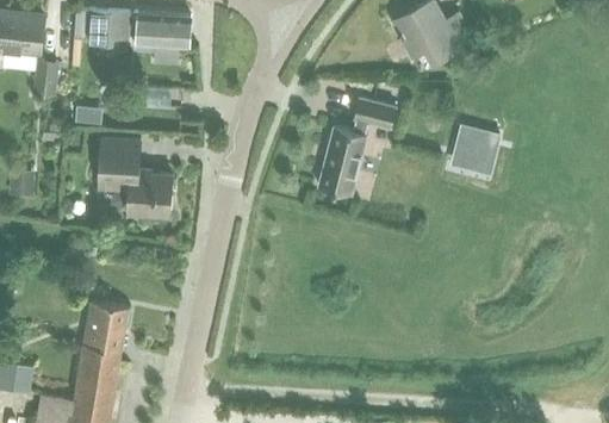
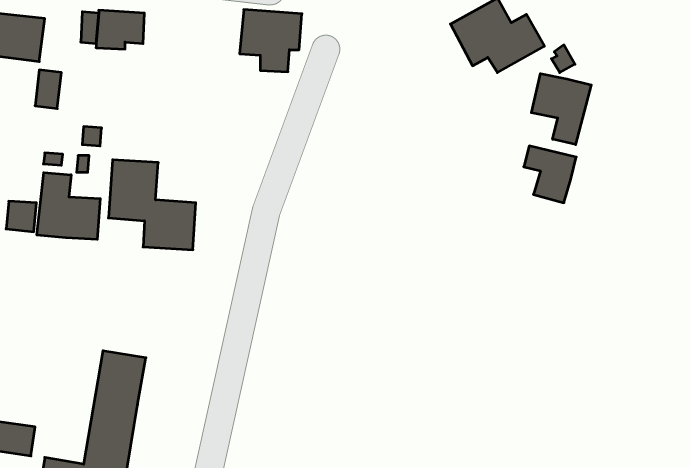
building: [135,13,188,67] -> [240,10,302,72]
building: none -> [531,74,591,145]
building: [316,98,394,195] -> none
building: none -> [37,173,100,239]

